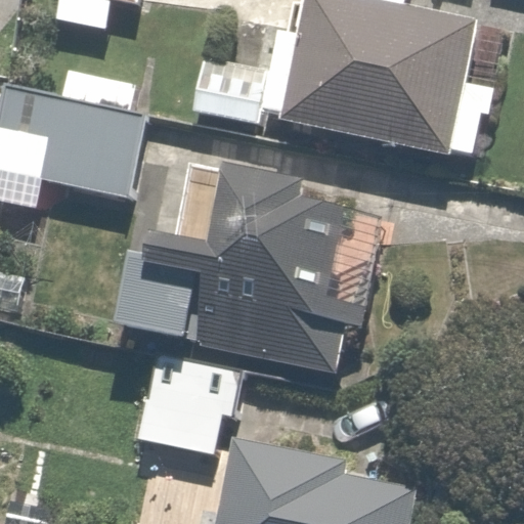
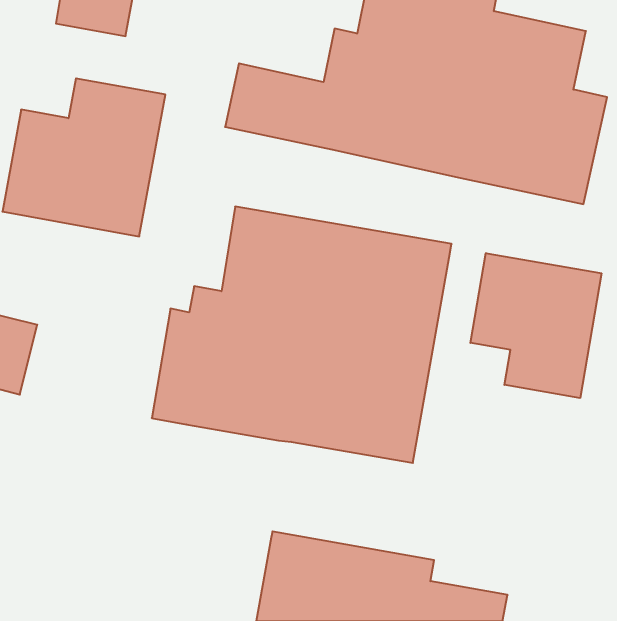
building: none -> [470,253,601,398]
building: [139,349,229,451] -> none

